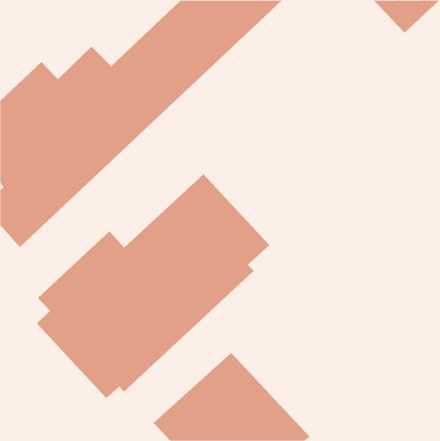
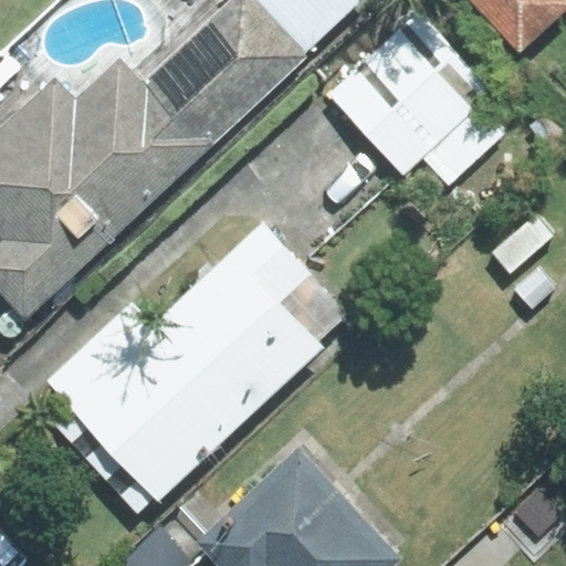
building: none -> [331,14,510,186]

